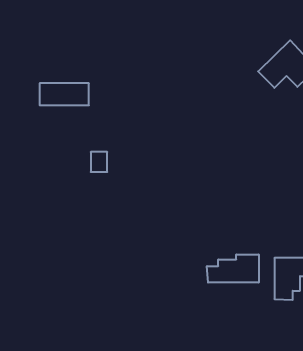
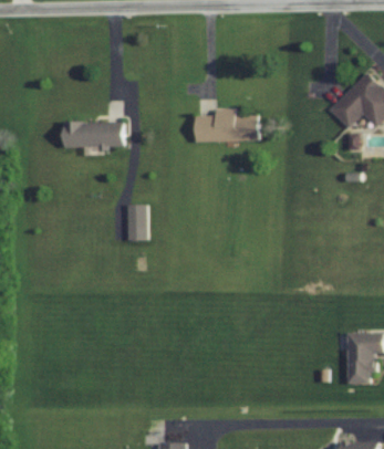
building: none -> [196,112,258,142]
building: [207,254,259,283] -> none

